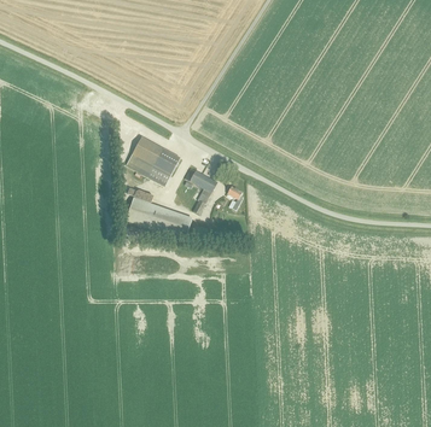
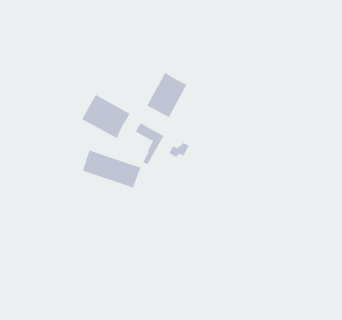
building: none -> [146,72,187,118]

